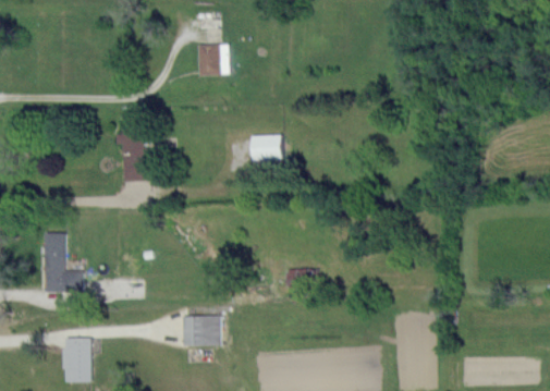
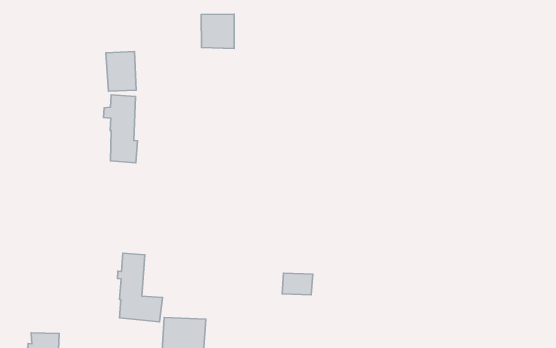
building: none -> [106,52,136,91]
building: [250,135,281,160] -> none
building: [41,233,83,292] -> [117,253,163,322]

